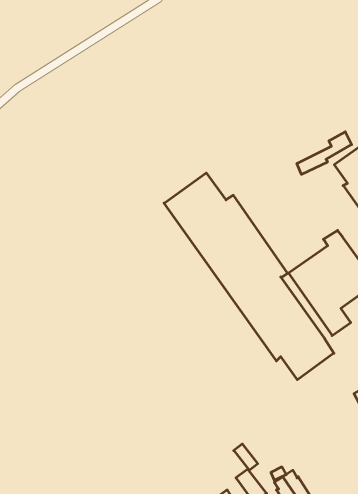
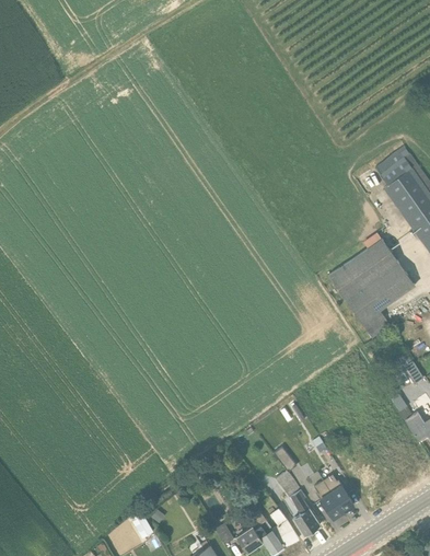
building: [297,132,352,174] -> none
building: [164,173,334,380] -> none

